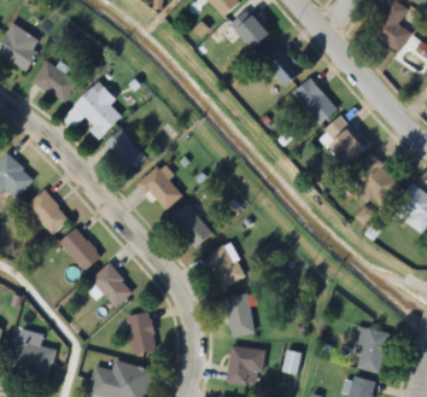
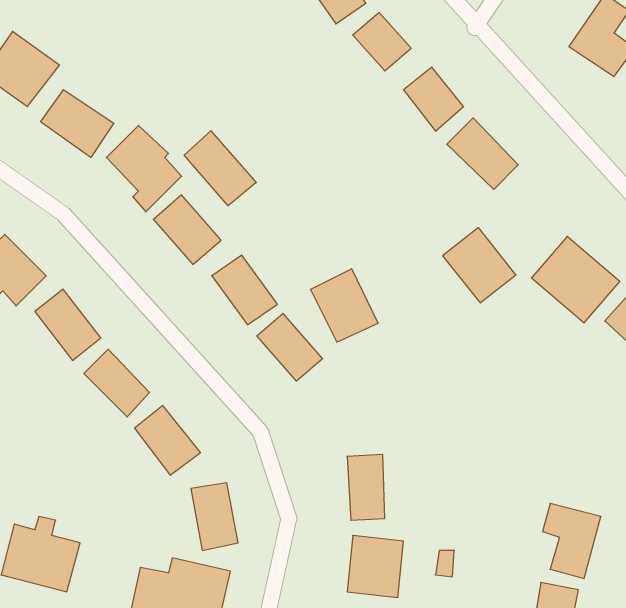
building: none -> [184,131,256,206]
building: [320,117,367,165] -> [443,228,516,303]
building: [203,243,246,290] -> [310,269,378,342]

